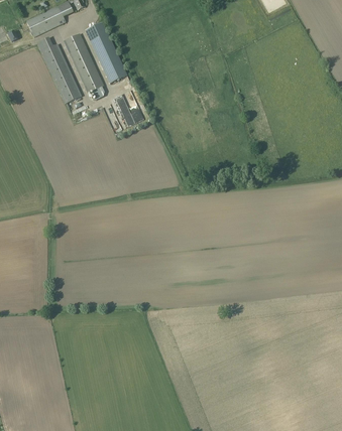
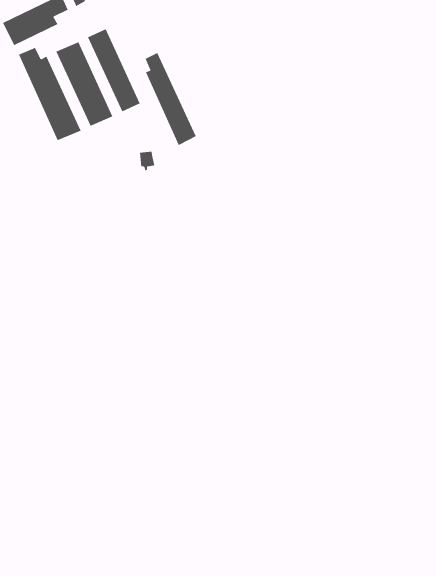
building: none -> [145,52,197,146]

